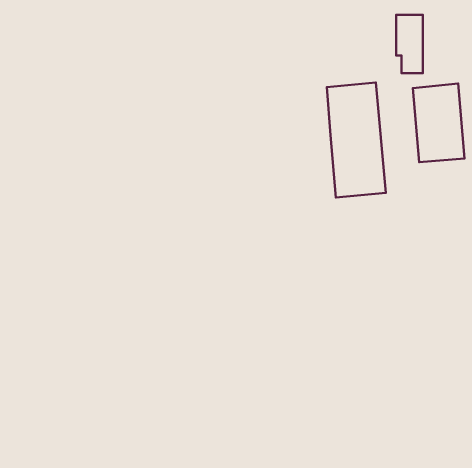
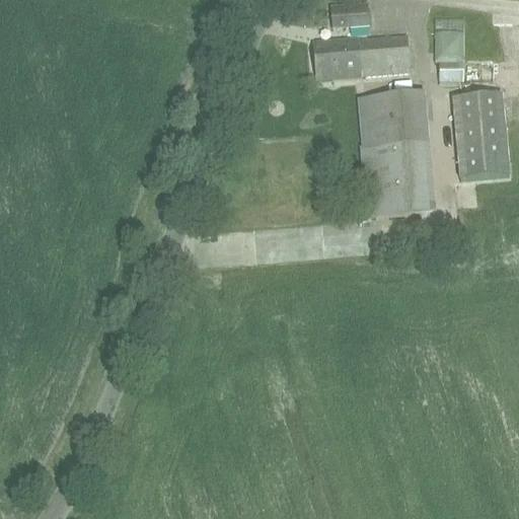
building: none -> [331,4,370,28]
building: none -> [313,32,411,79]

